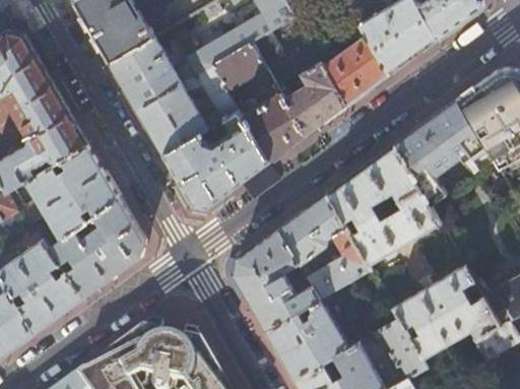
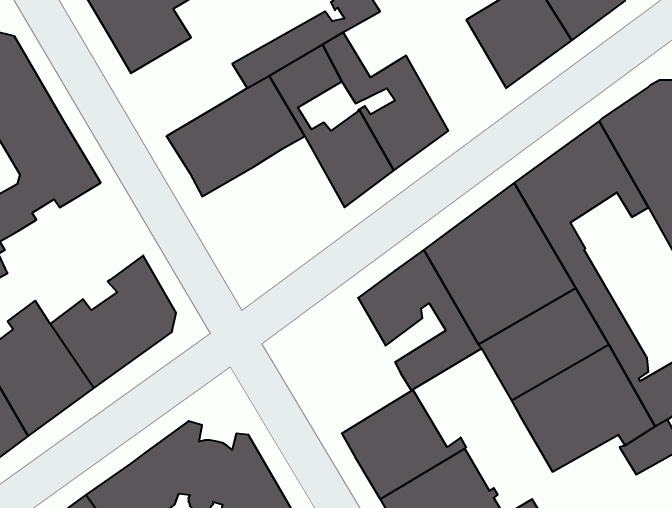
building: [323,25,388,106] -> none
building: [110,38,181,110] -> none
building: [162,110,268,207] -> none
building: [23,144,119,240] -> none
building: [234,230,318,330] -> none
building: [371,317,427,379] -> none

